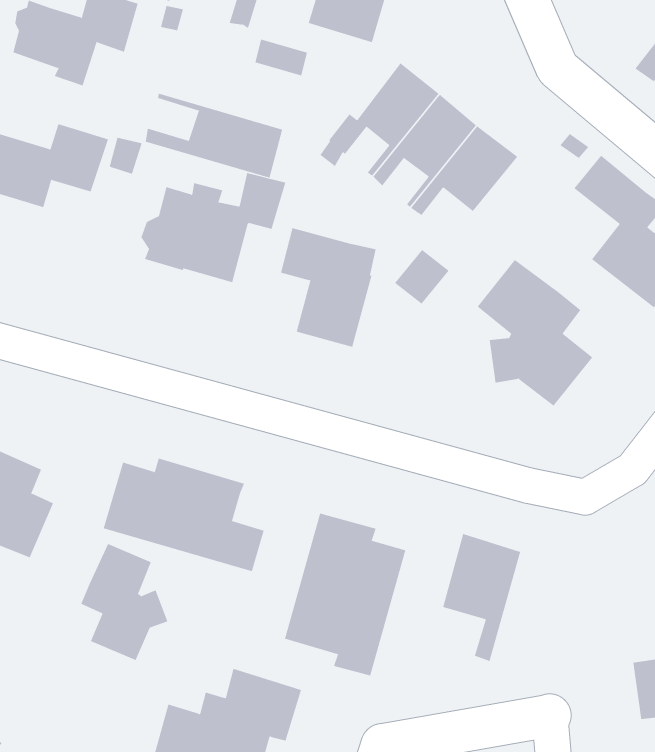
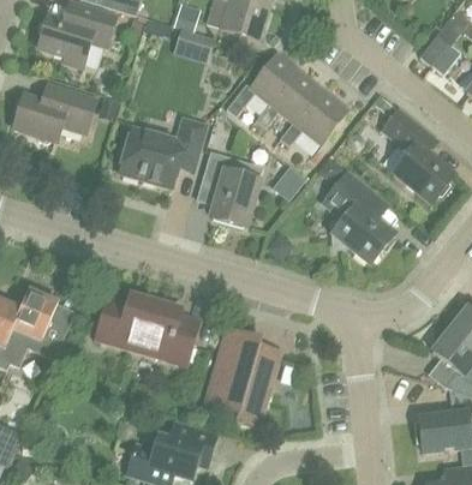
building: [145,93,283,178] -> none
building: [442,533,521,662] -> none
building: [81,543,168,661] -> none

